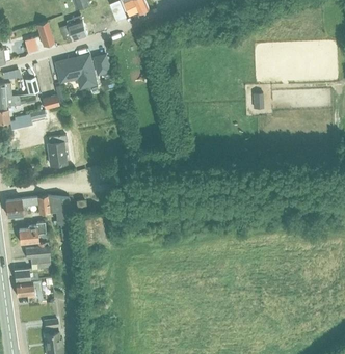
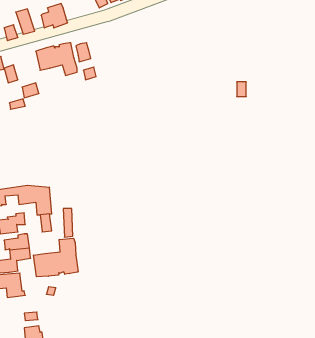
building: [47,135,65,166] -> none
building: none -> [34,238,78,277]

